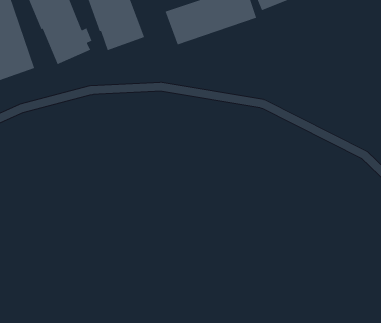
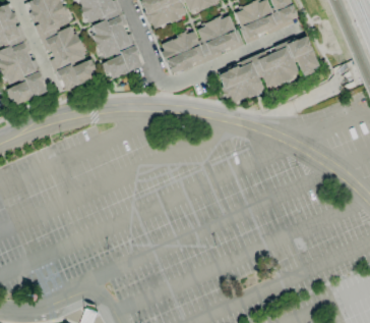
building: none -> [215,38,318,101]

